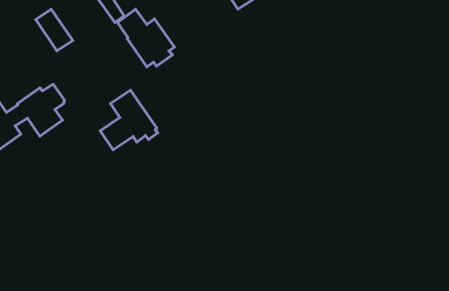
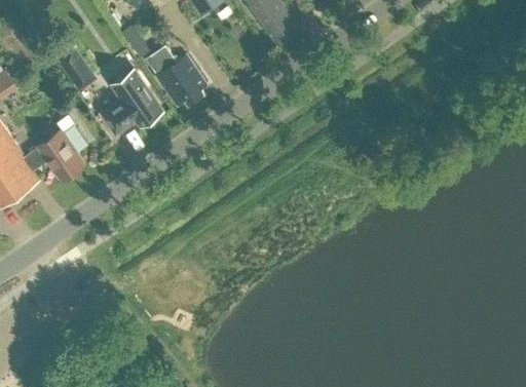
building: [100,90,158,150] -> [102,70,164,134]

